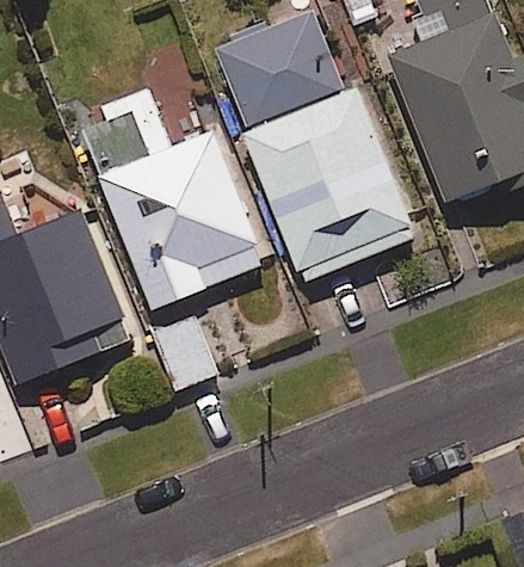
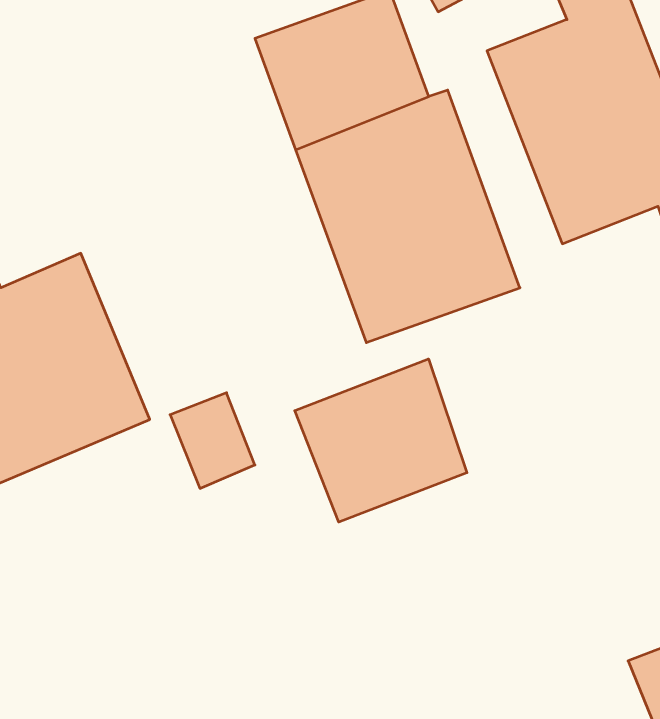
building: [82,86,263,307] -> none
building: none -> [295,359,467,522]

